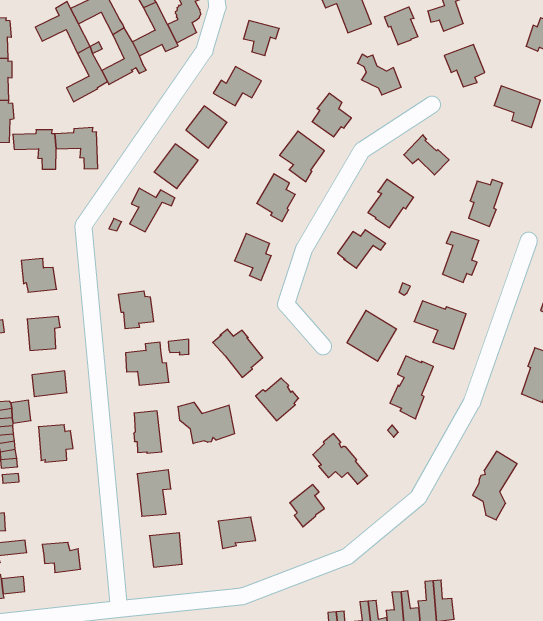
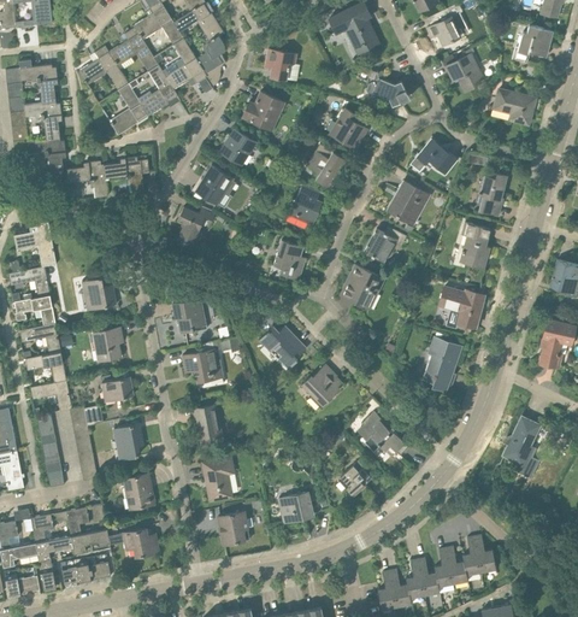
building: [385,7,418,45] -> none
building: [347,310,397,361] -> [341,265,384,310]
building: [178,402,235,444] -> none
building: none -> [124,475,154,509]

